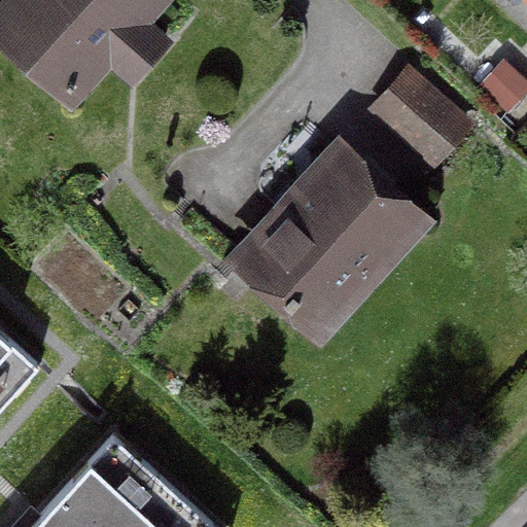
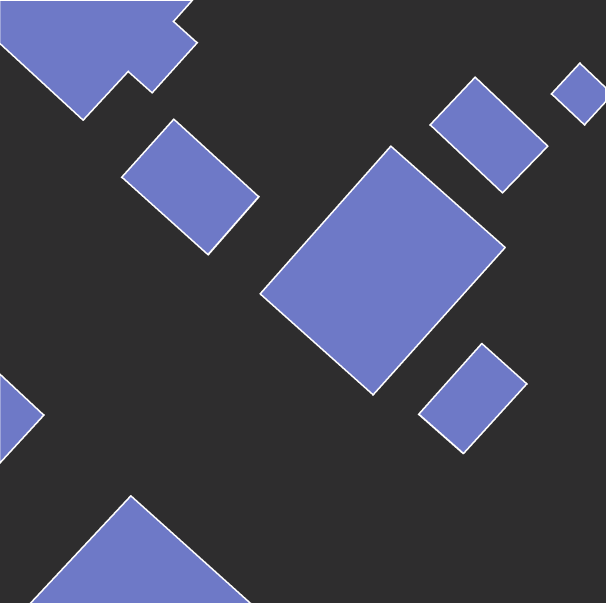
building: none -> [122,119,259,255]
building: none -> [419,344,527,453]

